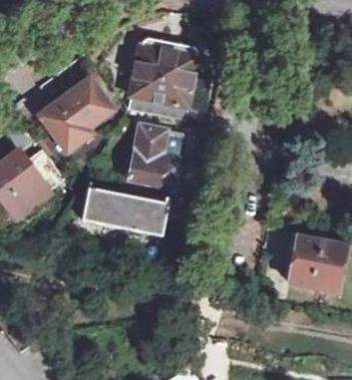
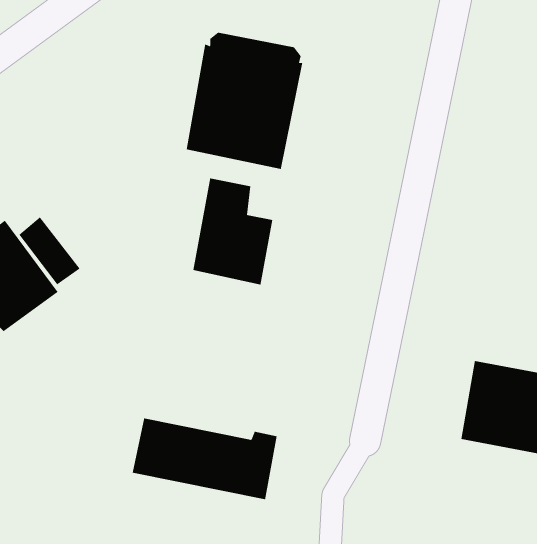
building: [39,80,112,152] -> none
building: [81,187,168,237] -> [132,418,278,500]

